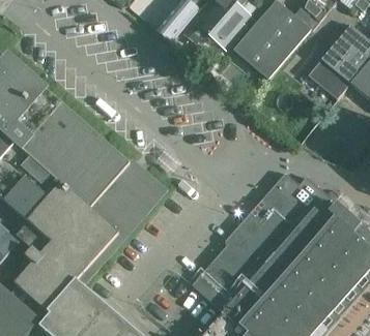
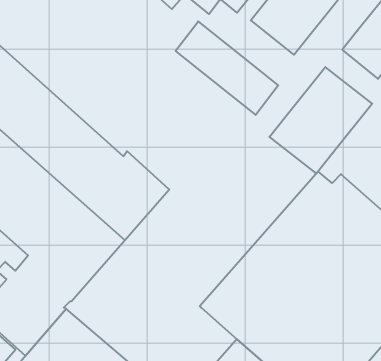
building: none -> [176,21,278,115]
building: none -> [269,67,372,173]

